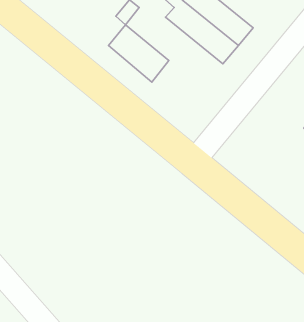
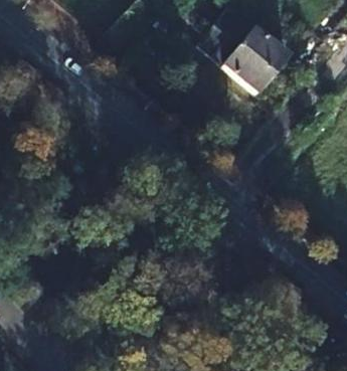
building: [109,25,169,82] -> none

